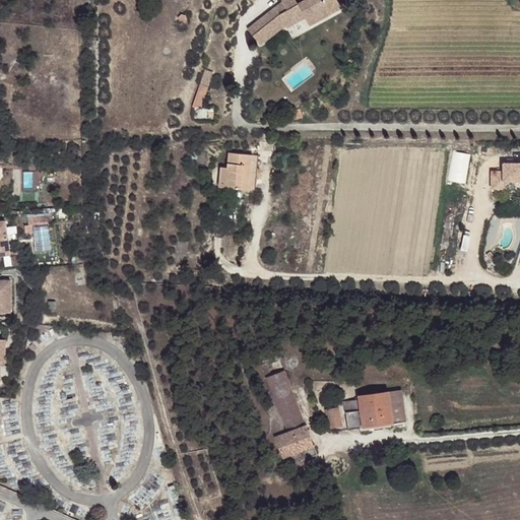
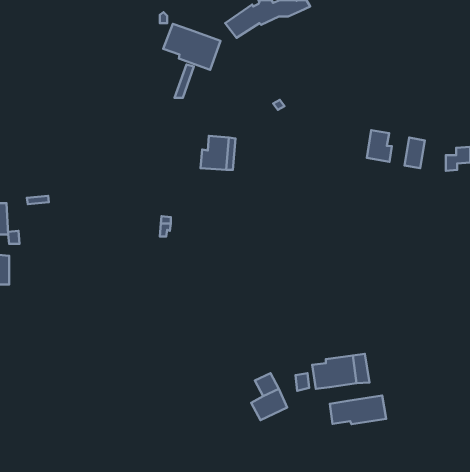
building: none -> [163,24,221,70]
building: none -> [367,130,392,162]
building: [261,374,298,418] -> none
building: none -> [330,396,386,424]

